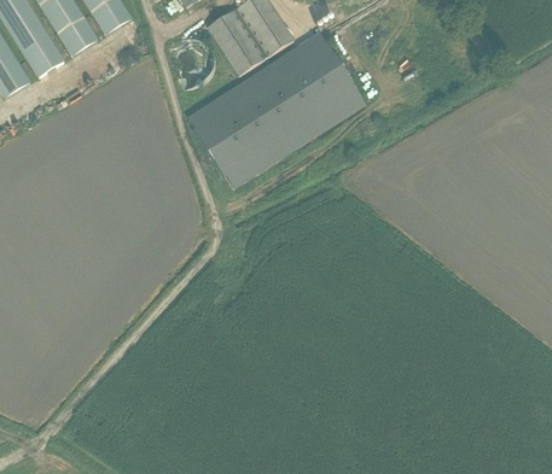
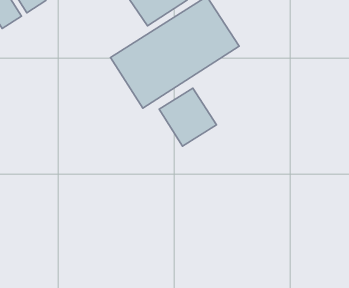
building: none -> [159,88,216,146]

